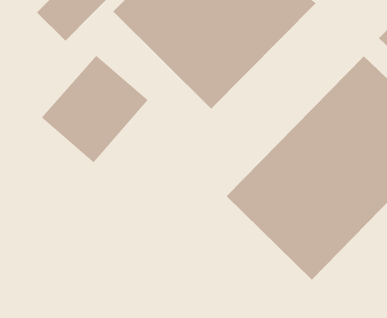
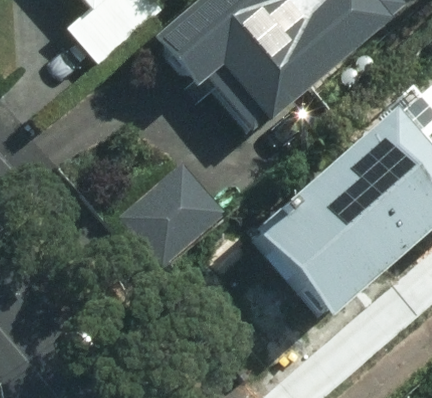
building: [41,55,149,163] -> [122,152,232,261]

